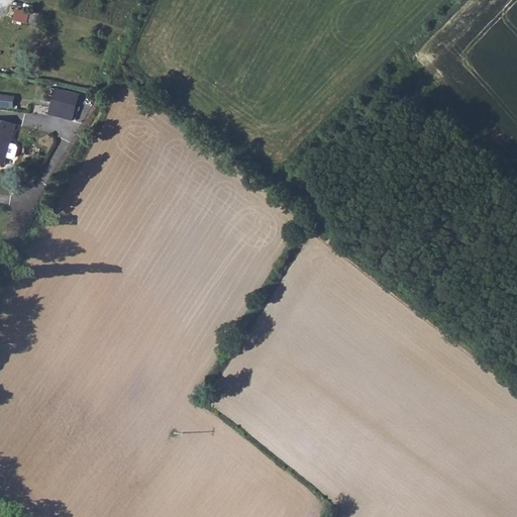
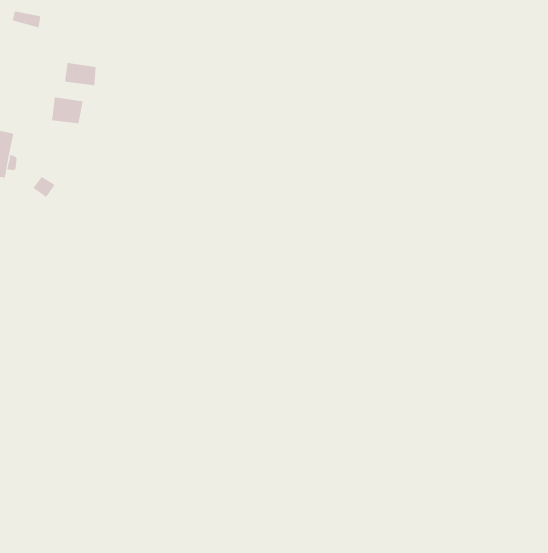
building: none -> [65,62,96,86]

